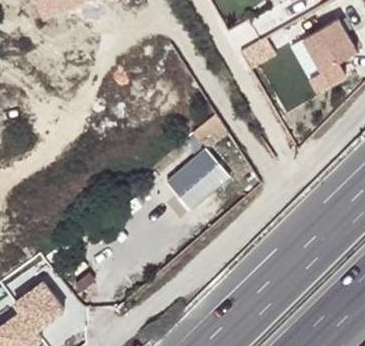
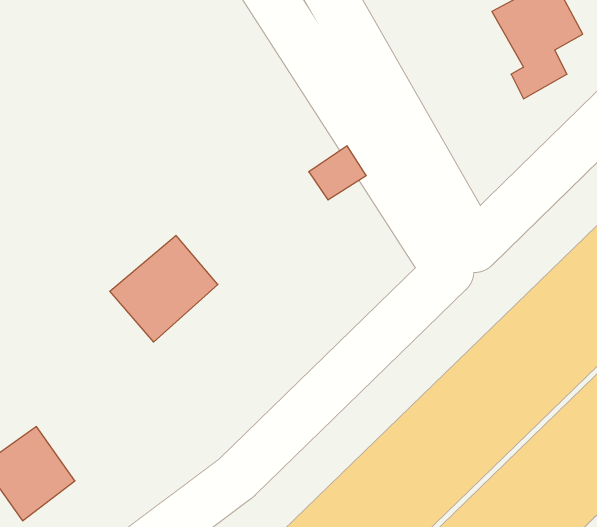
building: [165,150,227,211] -> [110,236,218,342]

